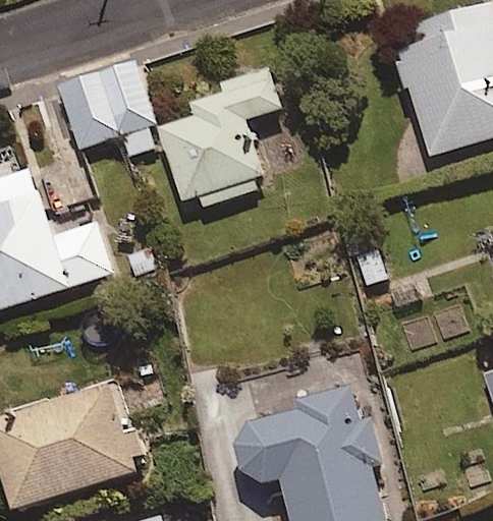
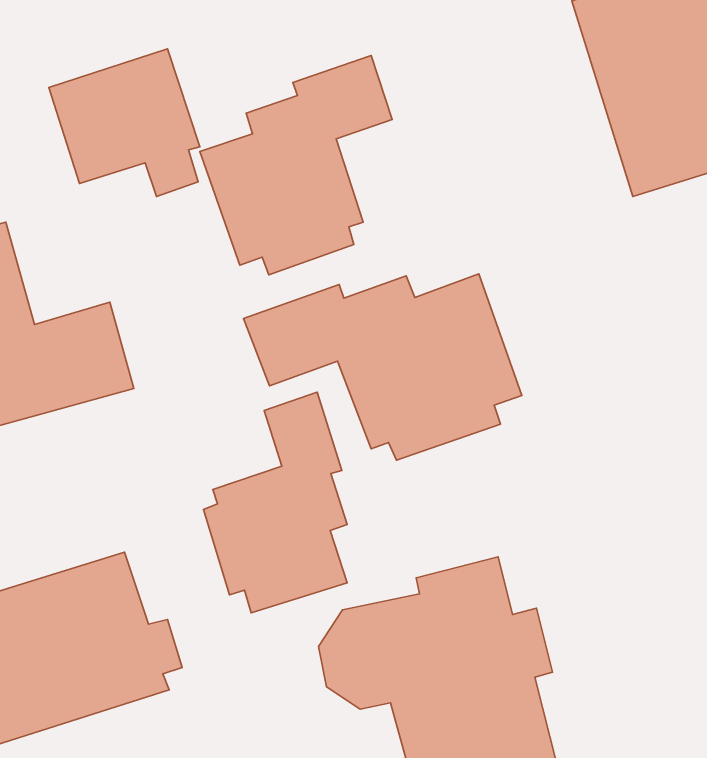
building: none -> [244,274,522,460]
building: none -> [203,392,347,613]

